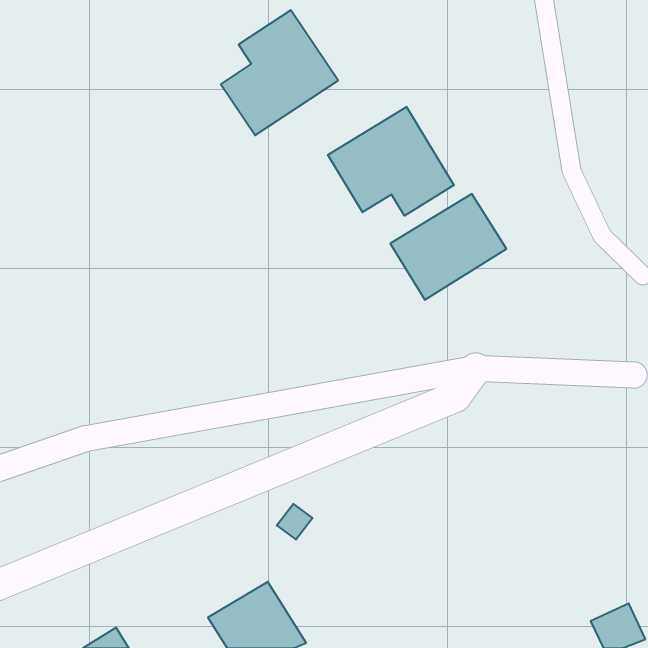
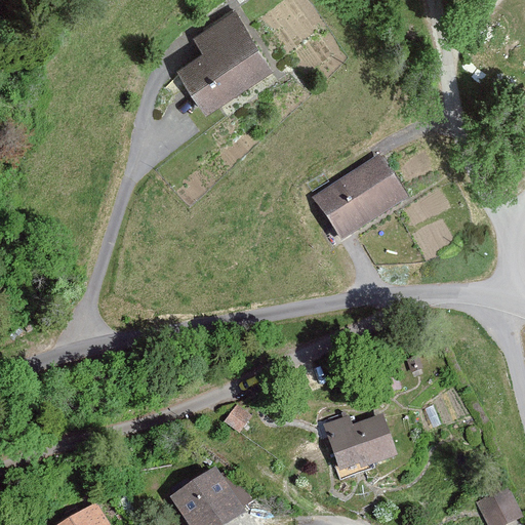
building: [328,107,454,216] -> none
building: none -> [322,415,398,479]

